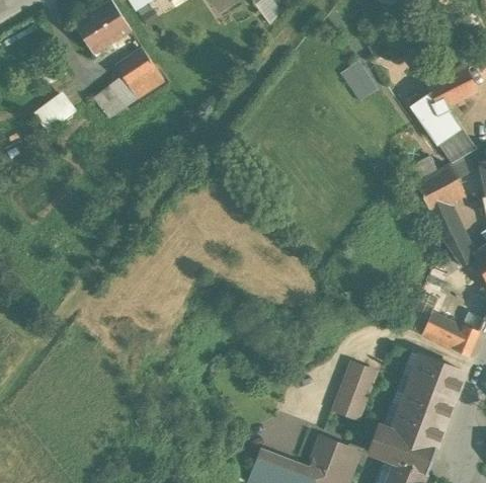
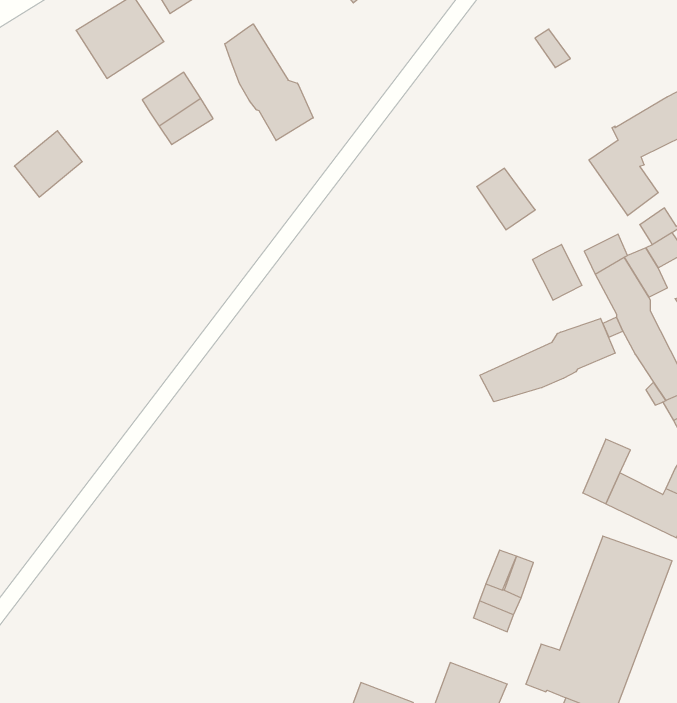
building: none -> [225,24,313,141]
building: [340,60,379,100] -> [477,168,535,230]
building: [94,77,137,118] -> none
building: none -> [533,244,582,300]
building: none -> [480,318,615,402]

